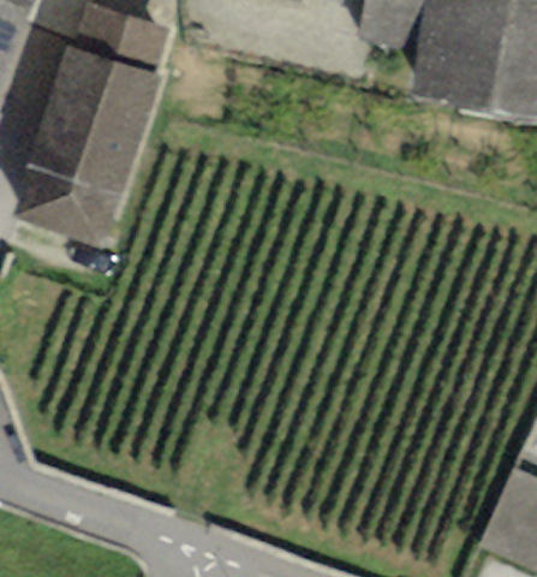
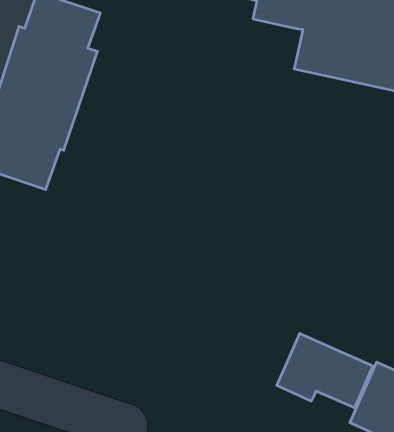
building: none -> [277,333,373,408]

